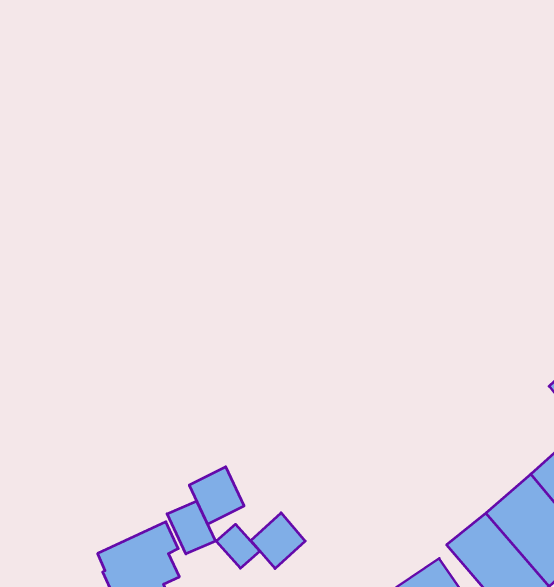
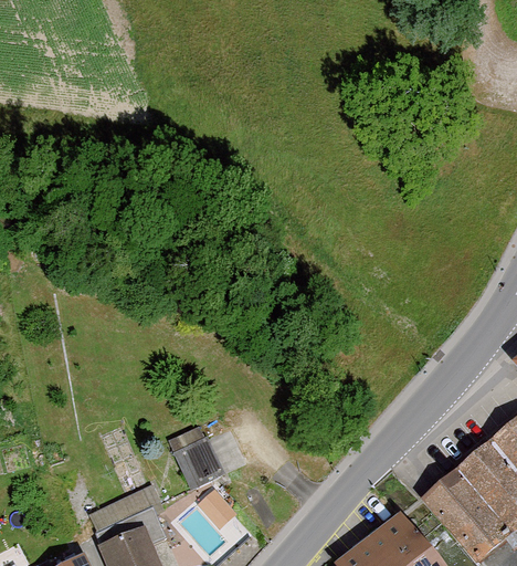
building: [167,501,215,554] -> none
building: [251,513,305,569] -> none

